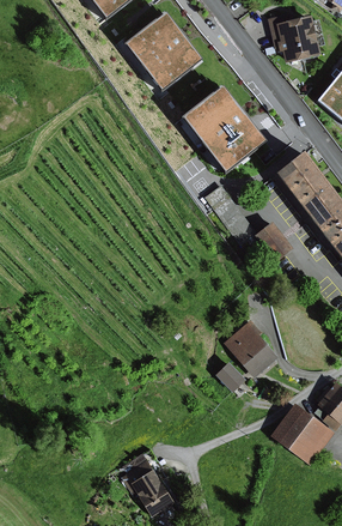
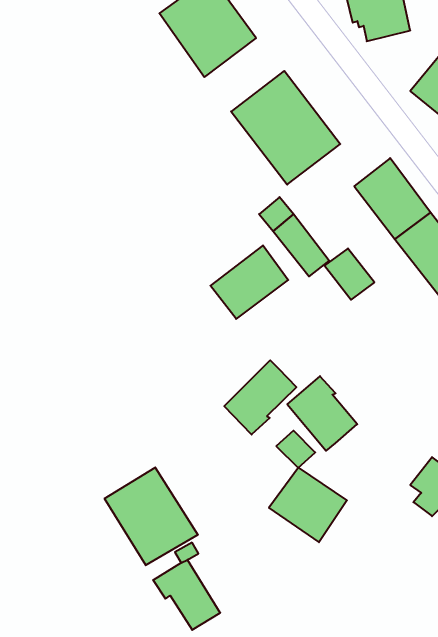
building: none -> [210,245,288,319]
building: none -> [224,360,296,435]
building: none -> [105,467,198,565]
building: [274,405,334,462] -> [269,467,347,542]

